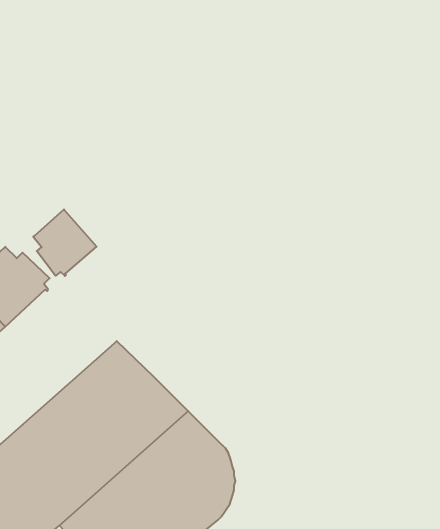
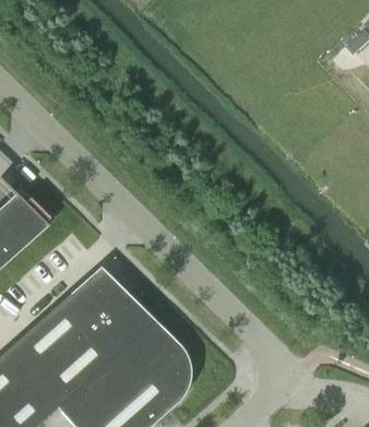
building: [33,209,97,276] -> none

